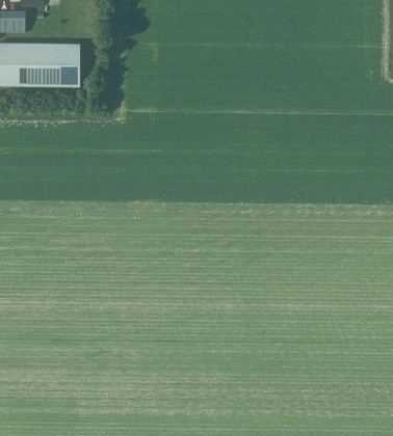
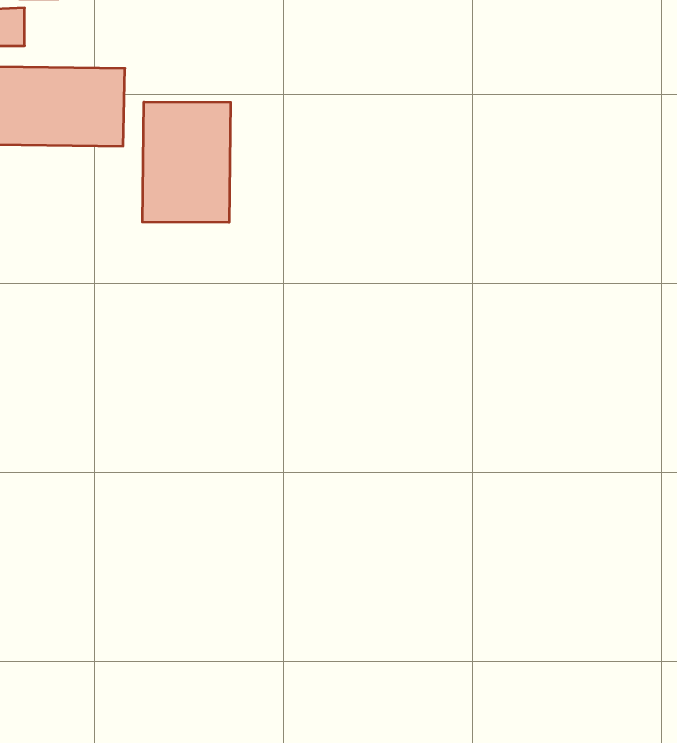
building: none -> [142,102,231,222]

